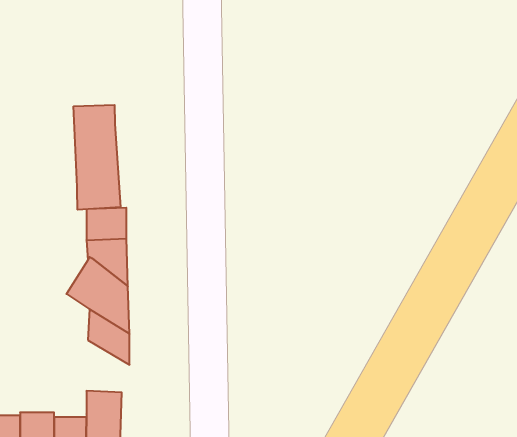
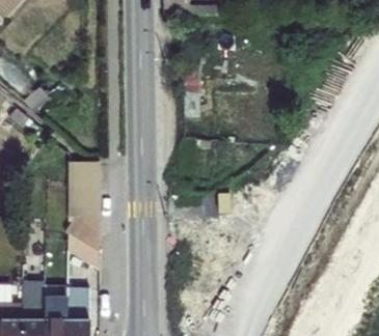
building: [74,105,120,210] -> none

